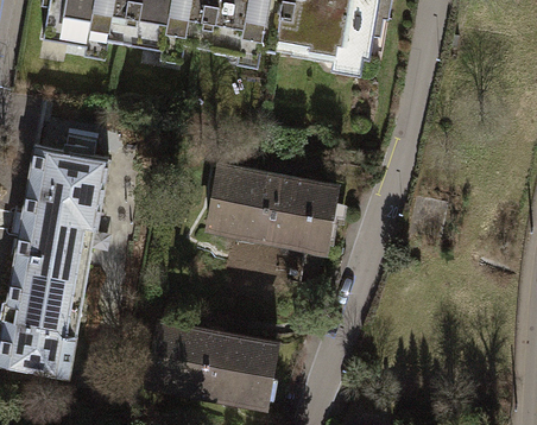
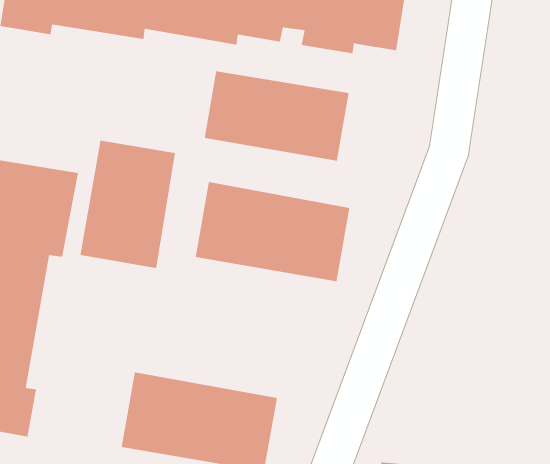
building: none -> [204,71,349,162]
building: none -> [80,140,175,269]

